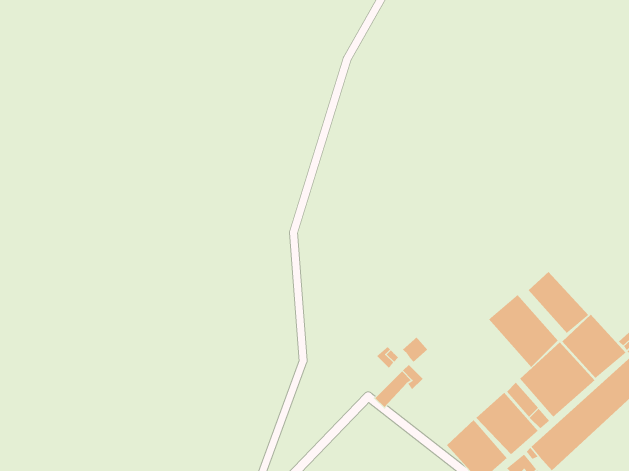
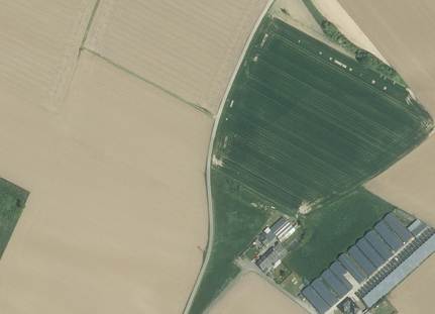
building: [528,271,589,334] -> none
building: [488,294,559,368] -> none

